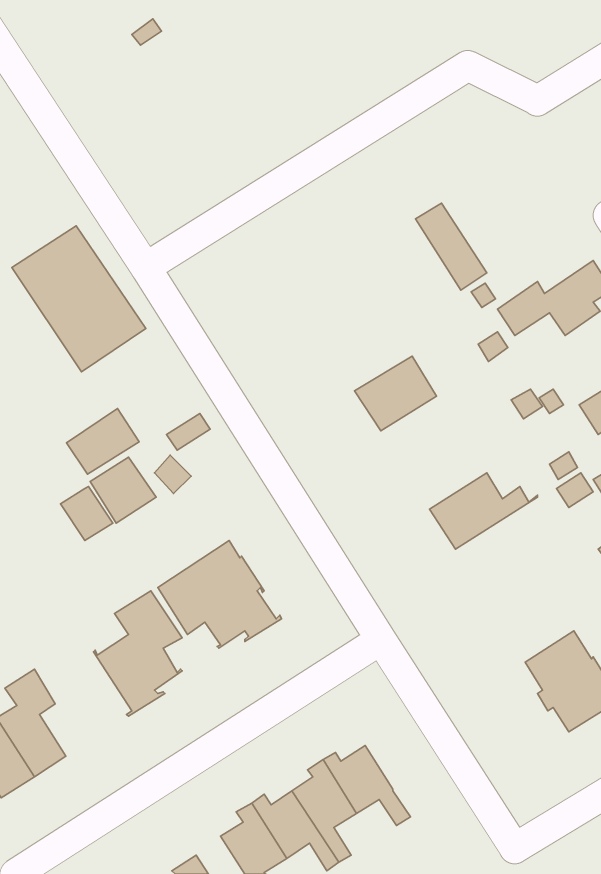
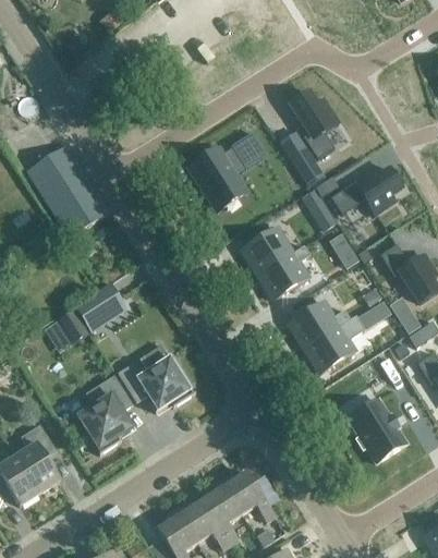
building: none -> [290,90,339,159]
building: none -> [190,132,267,207]
building: none -> [258,253,309,300]
building: [66,409,139,474] -> none
building: none -> [305,316,365,374]

